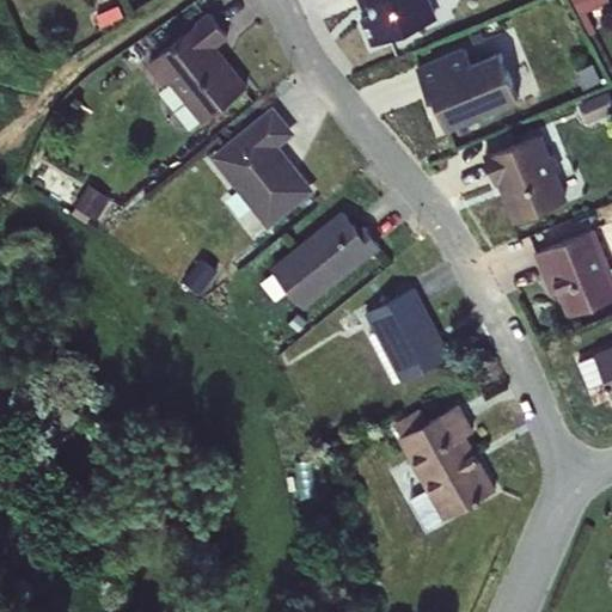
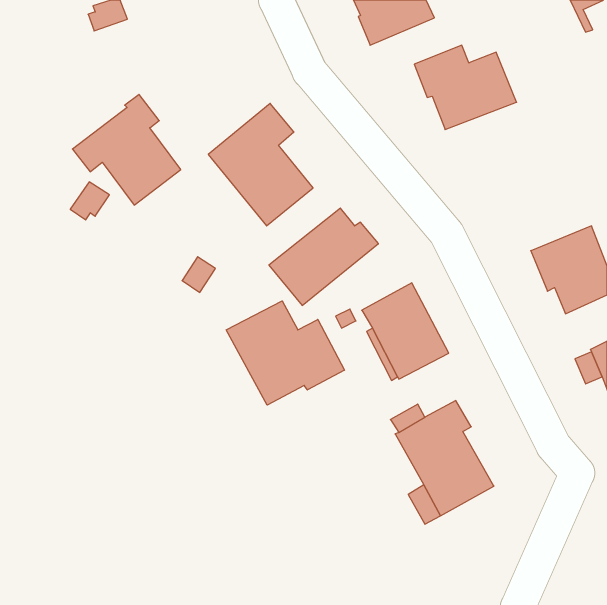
building: [140,13,249,124] -> [72,94,181,205]
building: [482,135,568,225] -> none
building: none -> [226,301,344,405]

